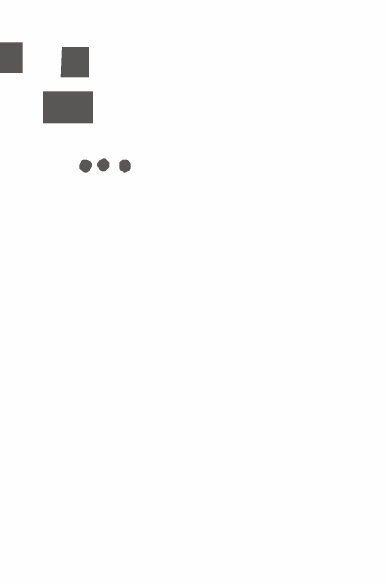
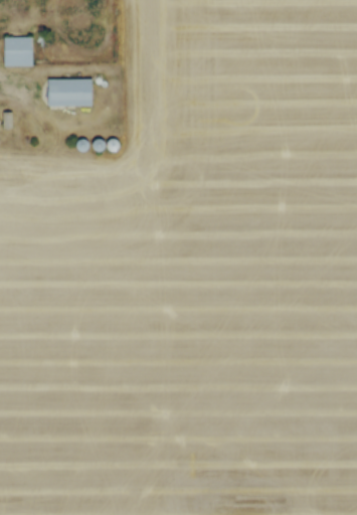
building: [60,46,89,78] -> none

